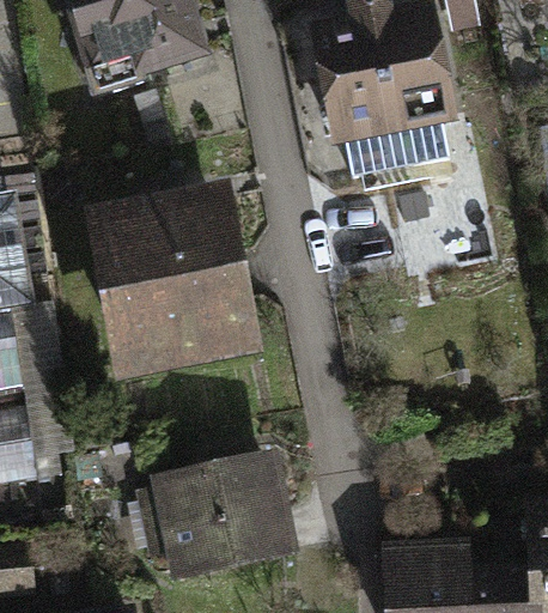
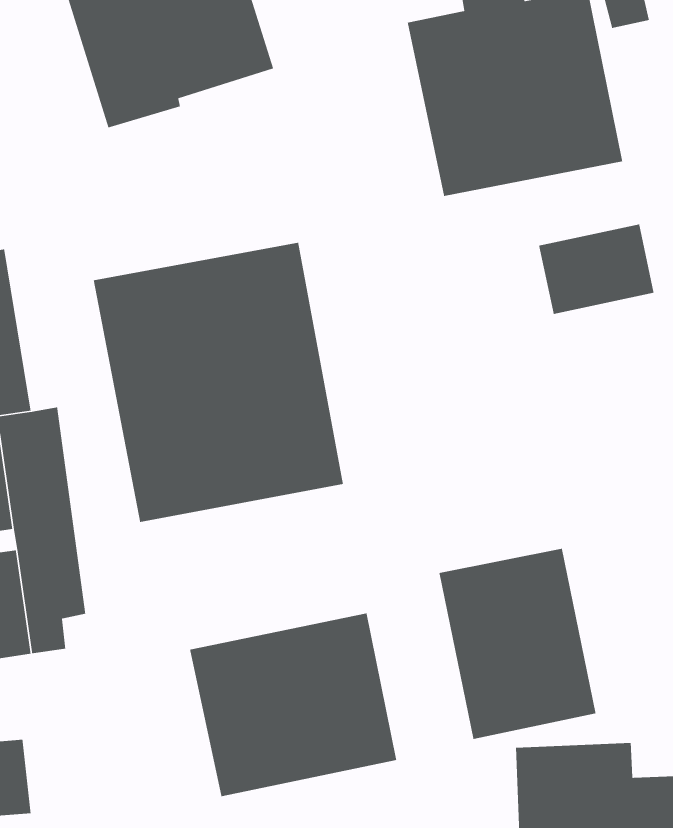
building: none -> [438,548,596,740]

